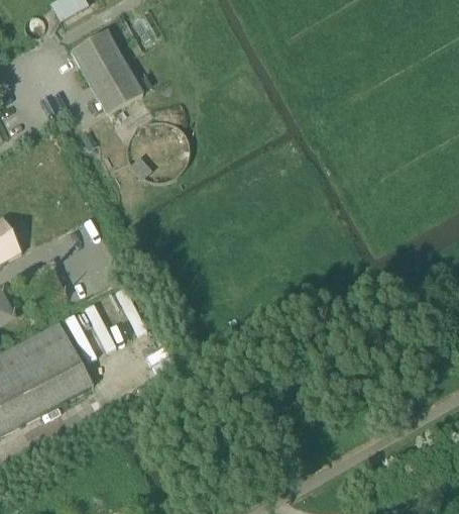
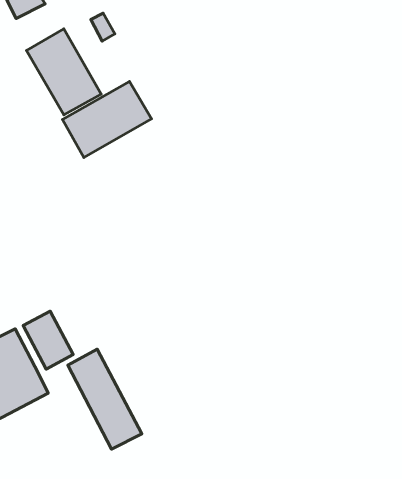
building: none -> [62,82,151,157]
building: none -> [68,349,142,449]

